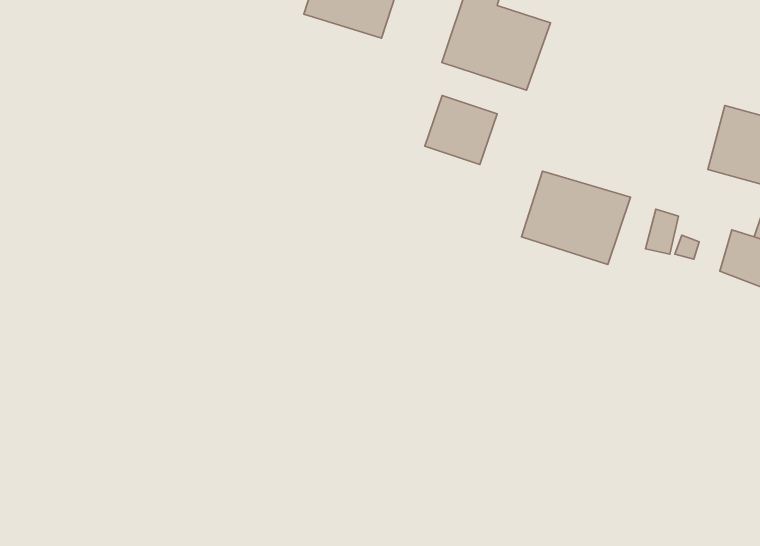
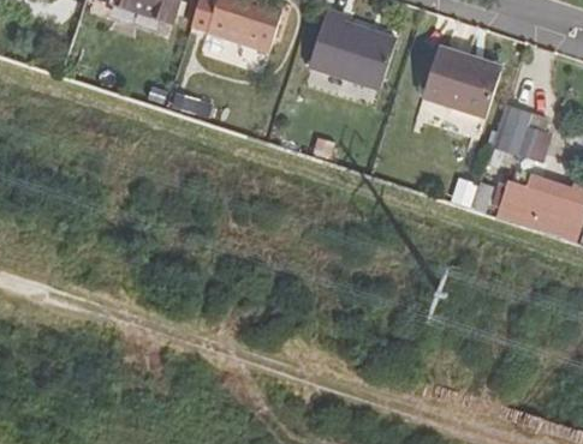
building: [425,95,497,165] -> none
building: [522,171,630,264] -> [423,52,499,116]

